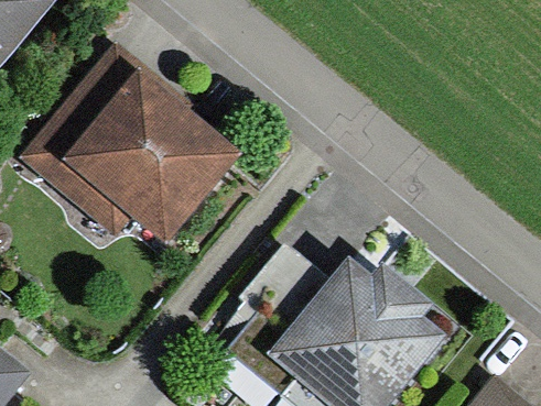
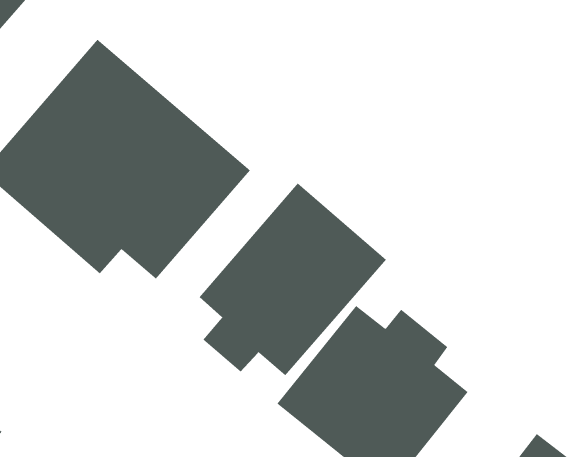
building: none -> [199,182,387,376]

